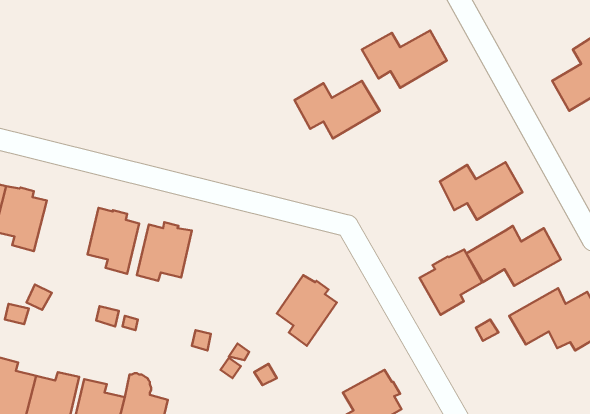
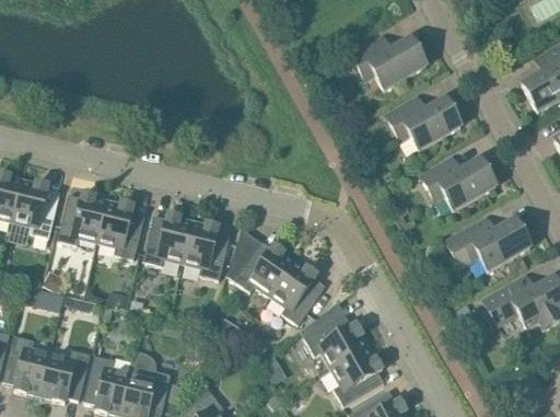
building: [295,81,380,138] -> [384,96,462,149]
building: none -> [58,192,108,244]
building: none -> [184,219,231,279]
building: [420,250,482,315] -> none
building: none -> [228,236,295,294]
building: none -> [302,303,370,367]

